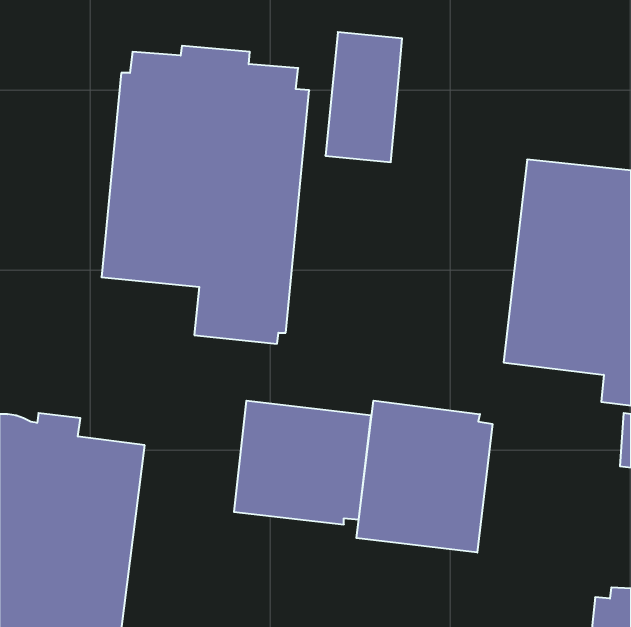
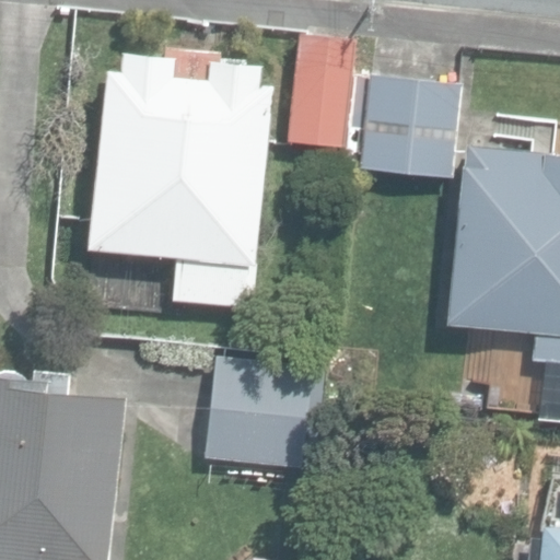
building: none -> [345,75,463,179]
building: [356,401,492,553] -> none

